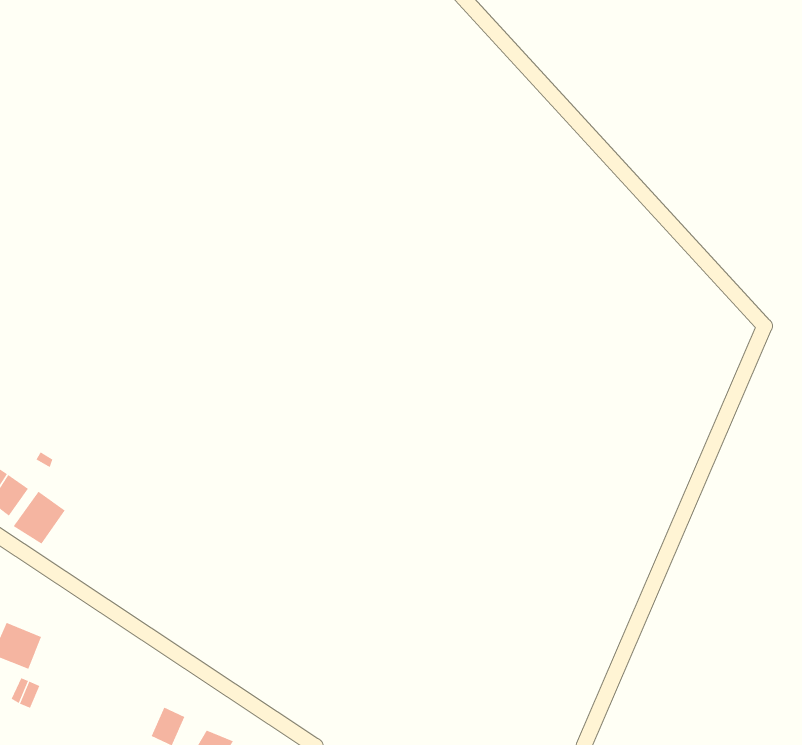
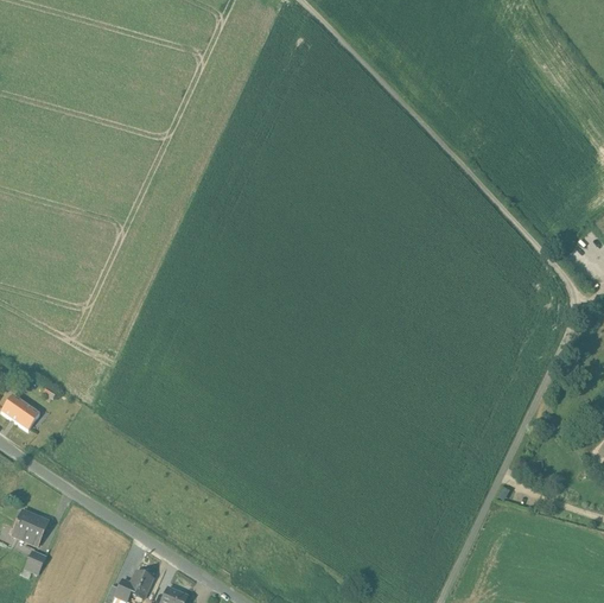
building: [13,491,66,545] -> none

